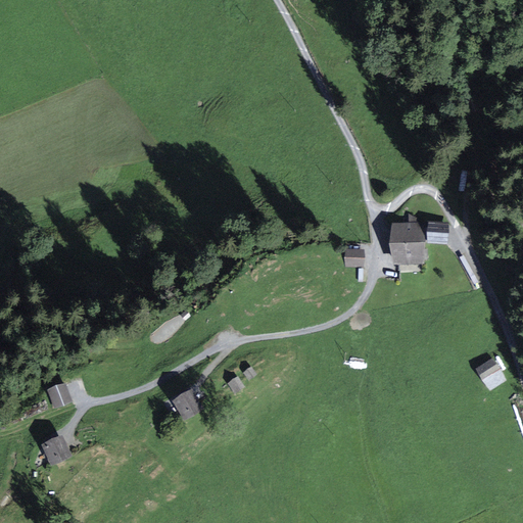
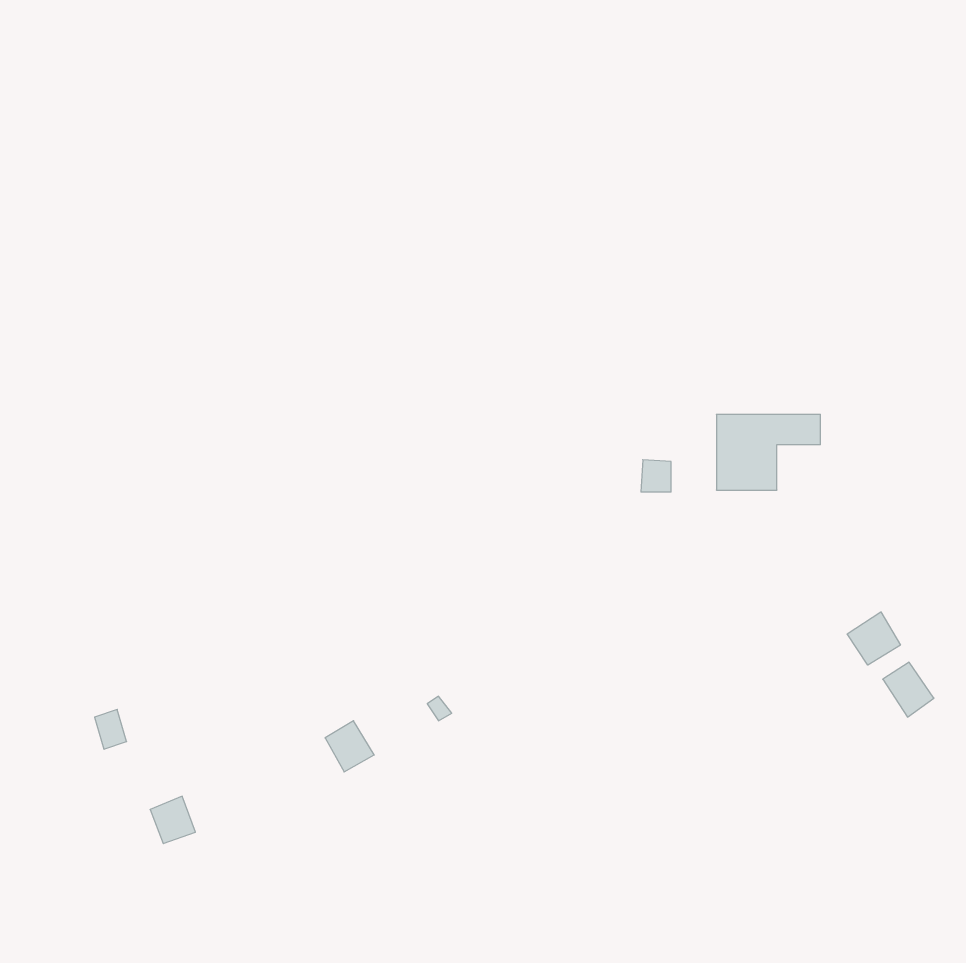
building: none -> [847,612,900,665]
building: [45,436,69,462] -> [150,796,195,844]

